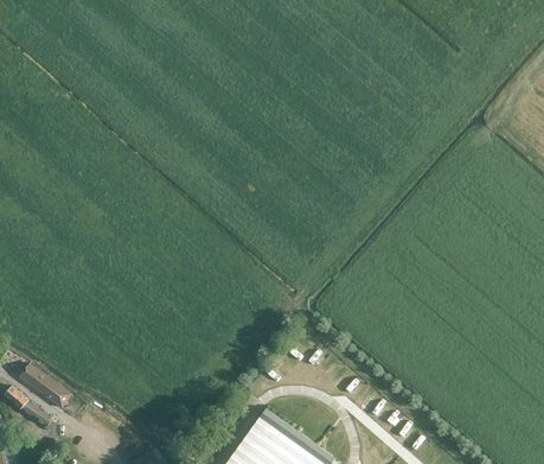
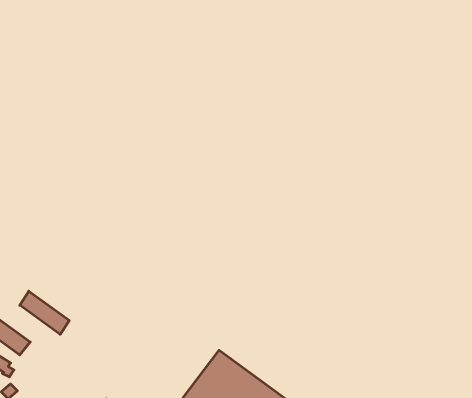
building: none -> [20,291,69,334]

